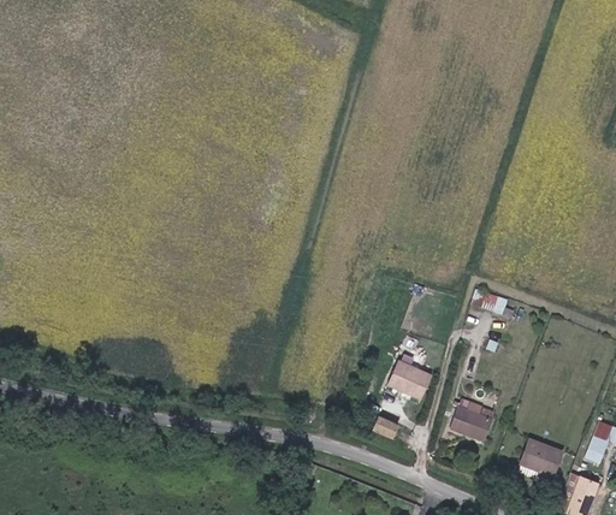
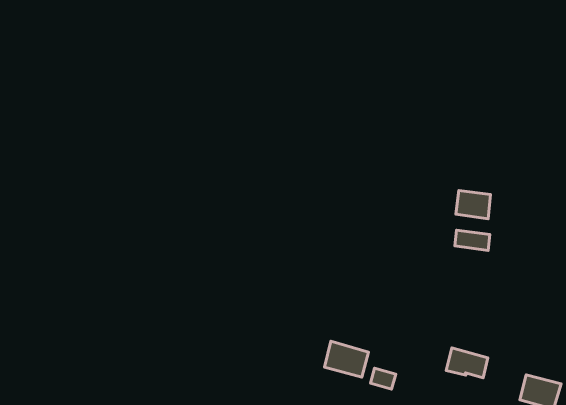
building: none -> [456,191,490,219]
building: [386,357,432,397] -> [324,341,368,377]

